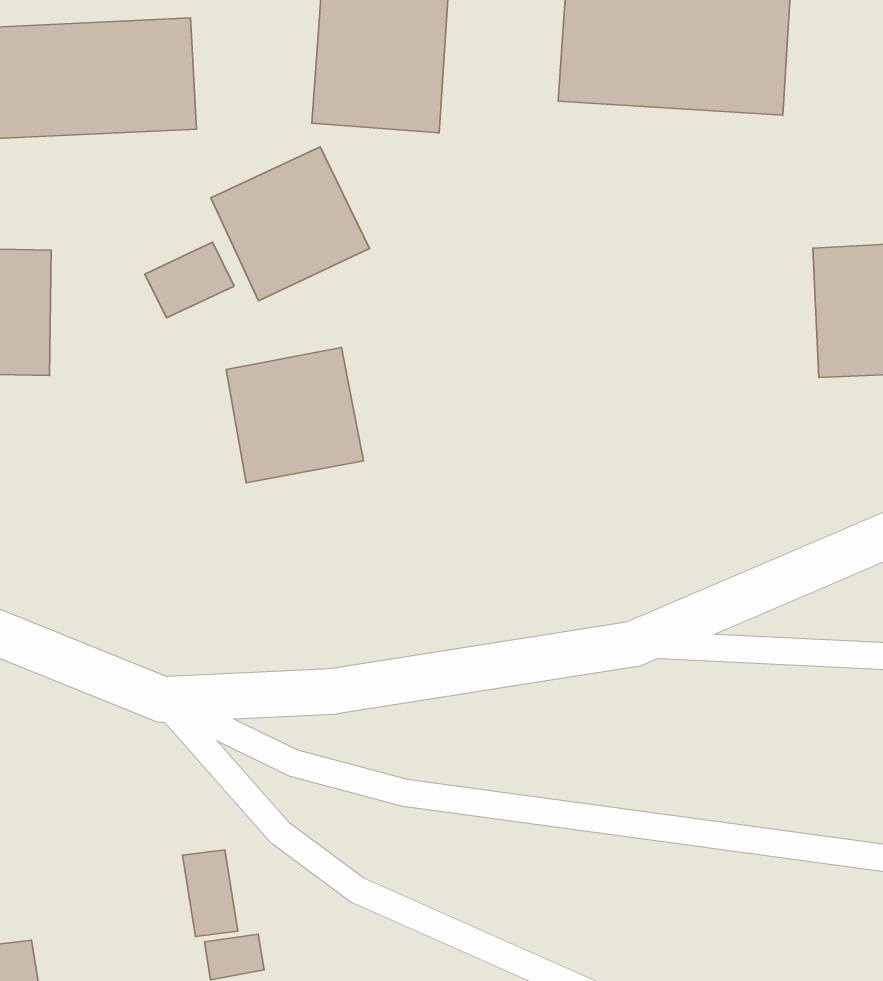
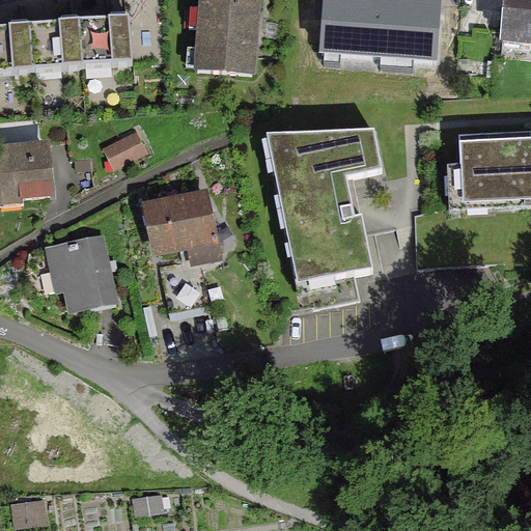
building: [211,147,369,301] -> none
building: none -> [274,125,384,279]
building: none -> [46,233,118,313]
building: [183,850,238,937] -> none

